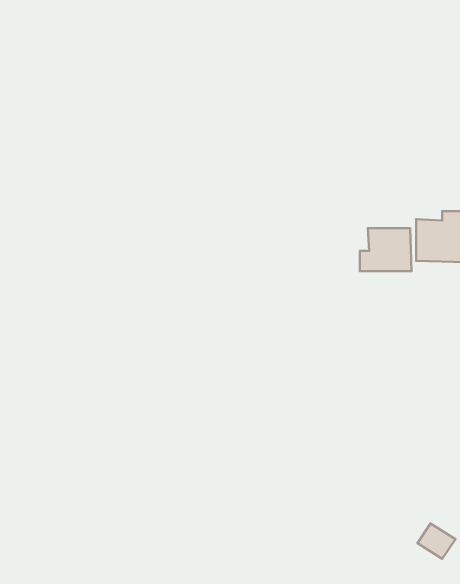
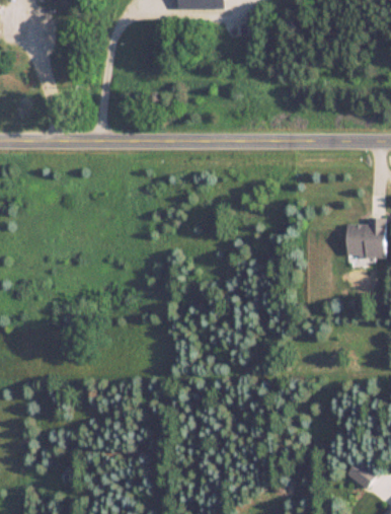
building: [360,228,412,271] -> none

